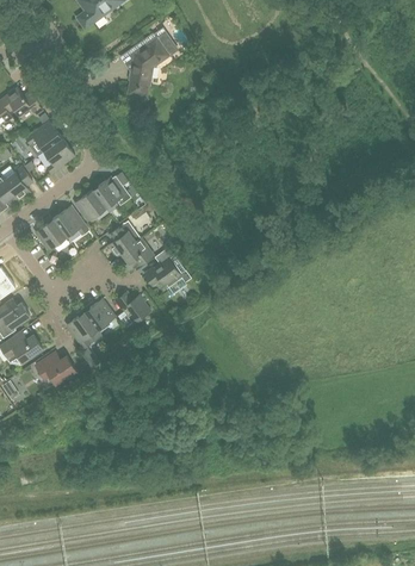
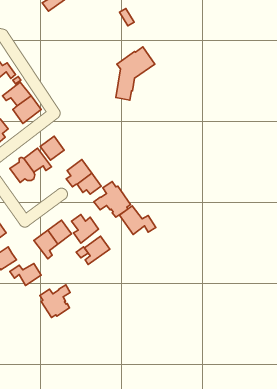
building: [128,26,178,95] -> [116,47,155,100]
building: [92,175,130,207] -> none
building: none -> [120,206,156,235]
building: none -> [85,236,110,265]
building: none -> [40,285,70,317]

